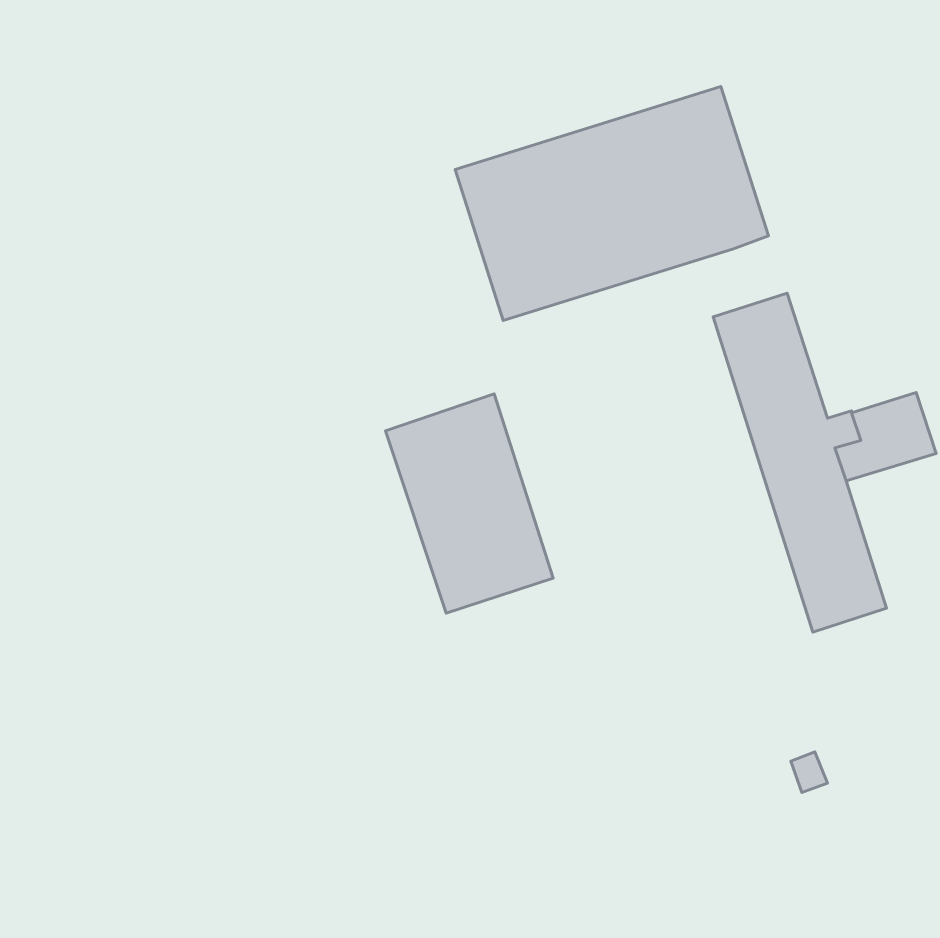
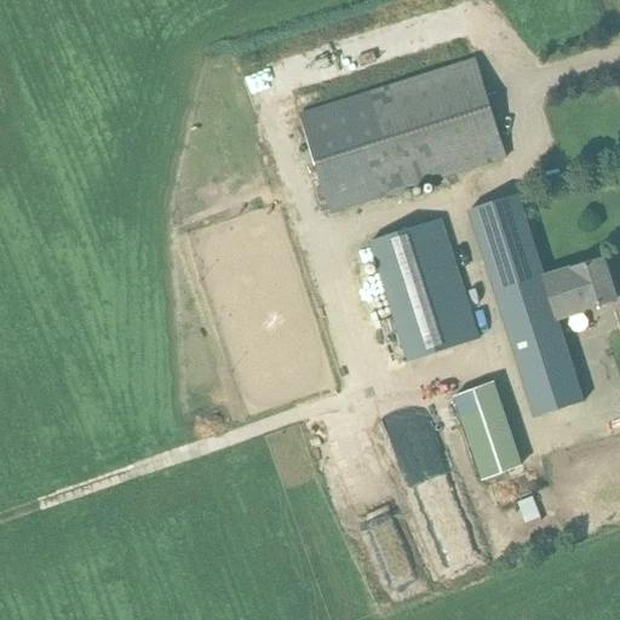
building: [385,394,553,613] -> [368,219,478,363]
building: none -> [452,380,521,478]

